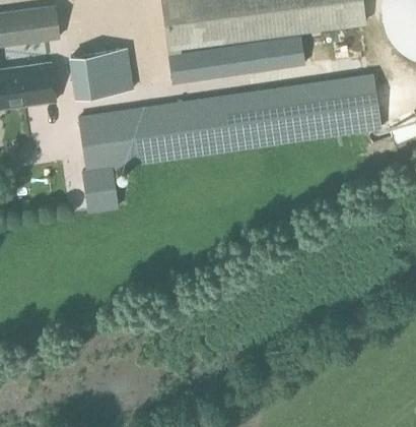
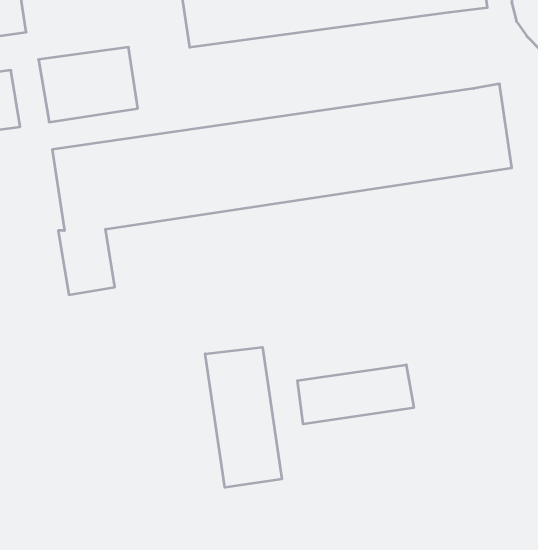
building: [168,36,304,84] -> none
building: none -> [205,347,282,487]
building: none -> [297,365,414,424]

